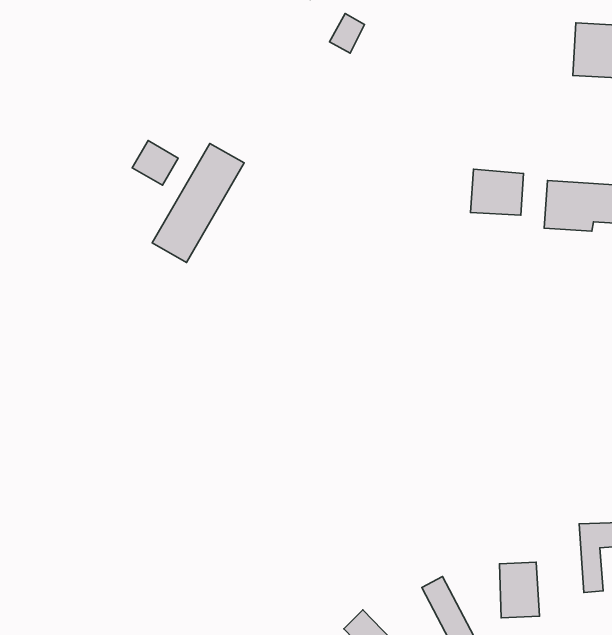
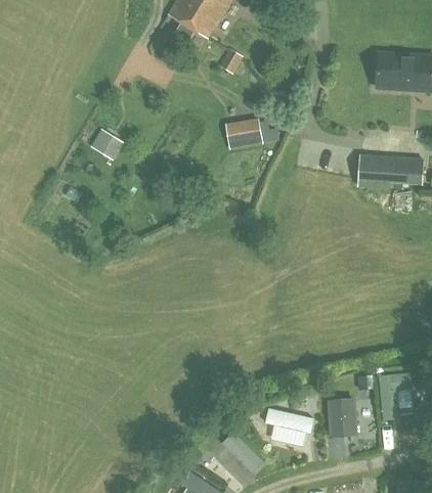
building: none -> [226,122,263,147]
building: [152,144,244,262] -> none
building: [471,169,524,215] -> none

